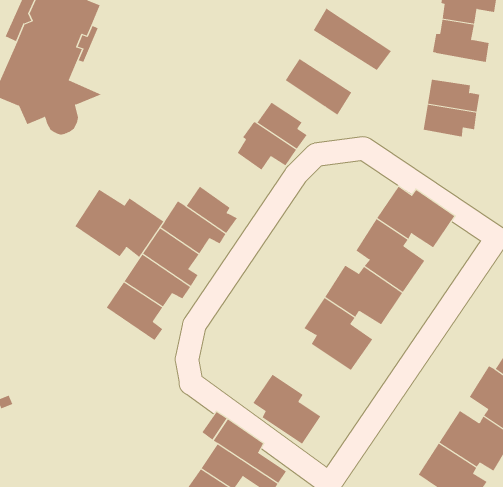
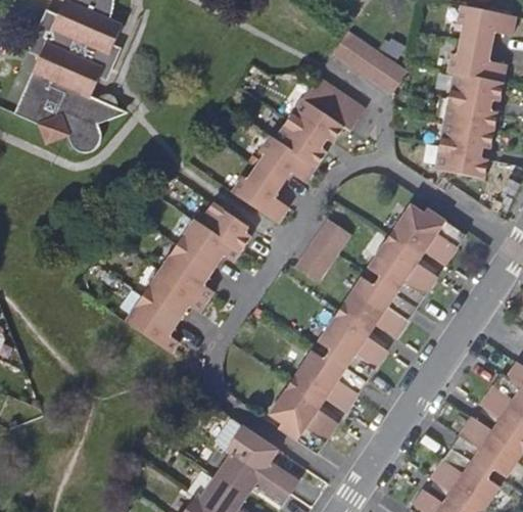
building: none -> [445,69,500,101]
building: none -> [288,96,341,139]
building: none -> [433,145,485,178]
building: none -> [232,168,285,224]
building: [74,189,164,258] -> none
building: none -> [300,212,354,277]
building: none -> [289,354,367,413]

